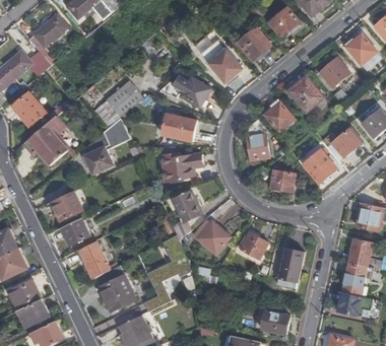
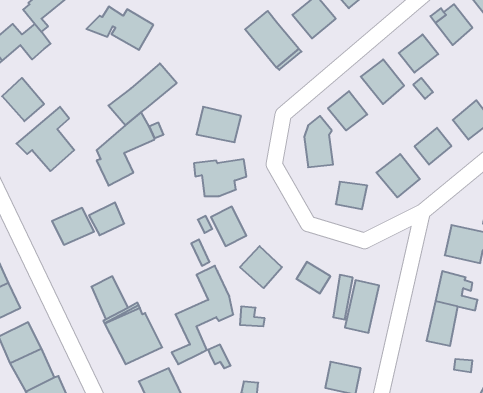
building: [158,73,210,107] -> [86,7,153,50]
building: [62,218,89,244] -> [89,202,124,235]
building: [336,293,361,315] -> none

